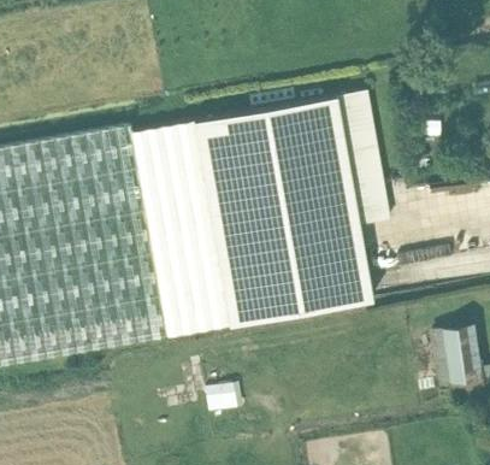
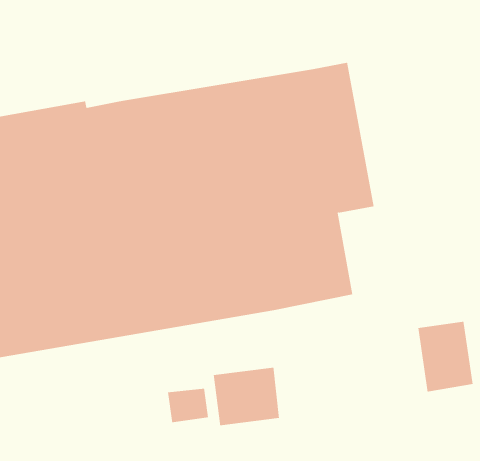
building: none -> [213,367,280,426]

